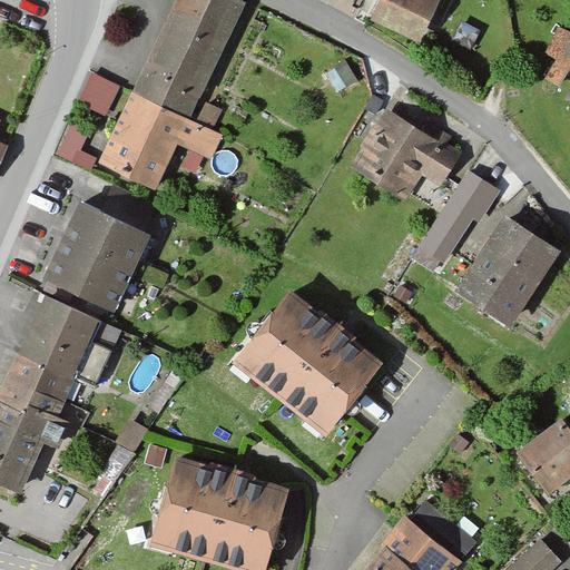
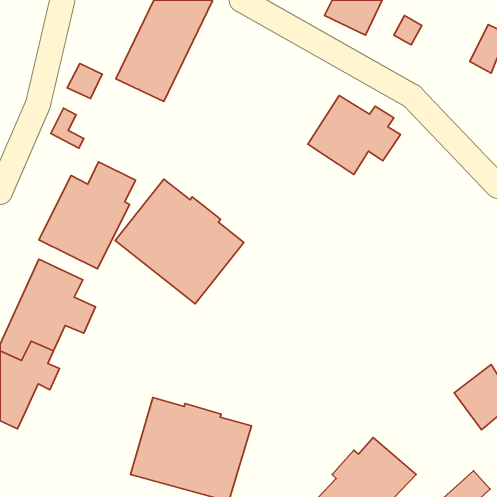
building: [100,91,223,188] -> none
building: [412,173,498,271] -> none
building: [458,216,560,324] -> none
building: [235,291,382,433] -> [115,179,244,304]

